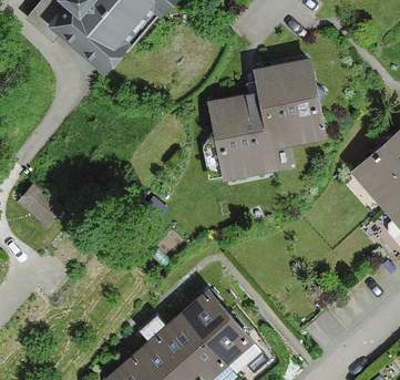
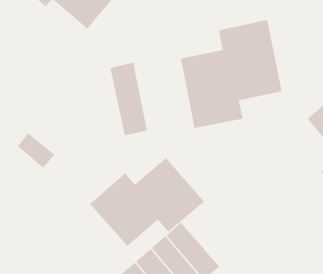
building: none -> [110,62,148,136]
building: none -> [89,157,205,247]

